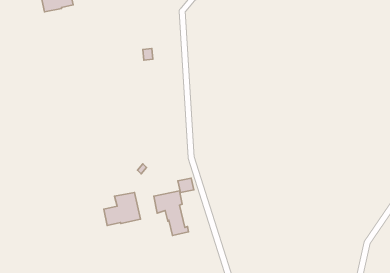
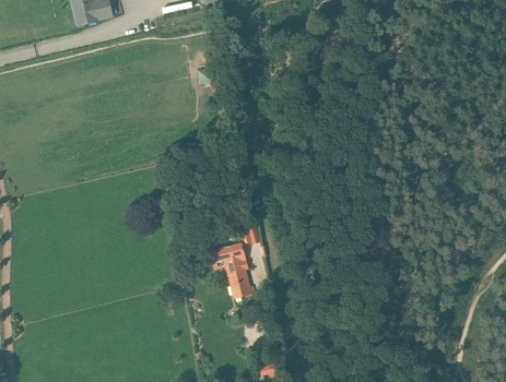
building: [104,192,140,225] -> none

